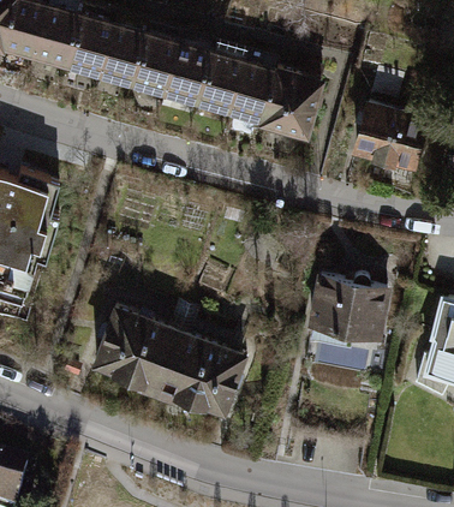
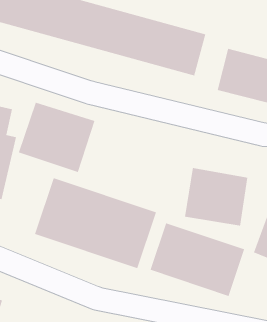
building: none -> [18,102,95,173]
building: none -> [150,223,245,297]

